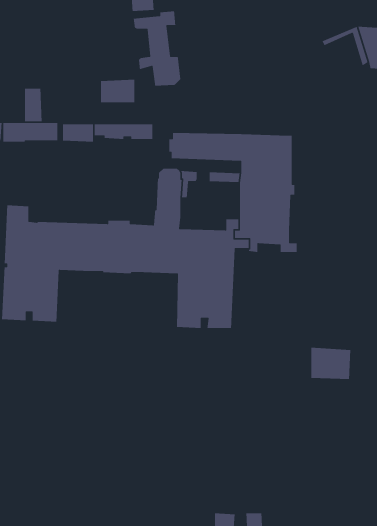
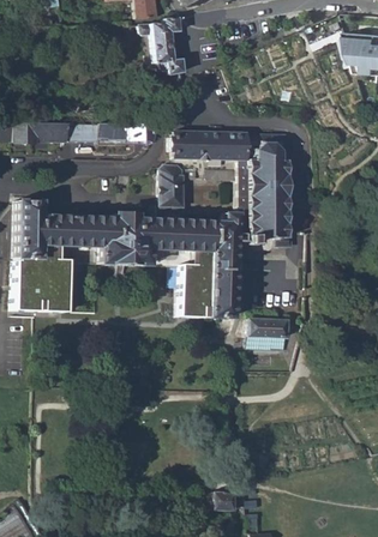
building: [100,79,135,103] -> none
building: [24,88,42,122] -> none
building: [311,347,351,380] -> [247,319,286,350]

